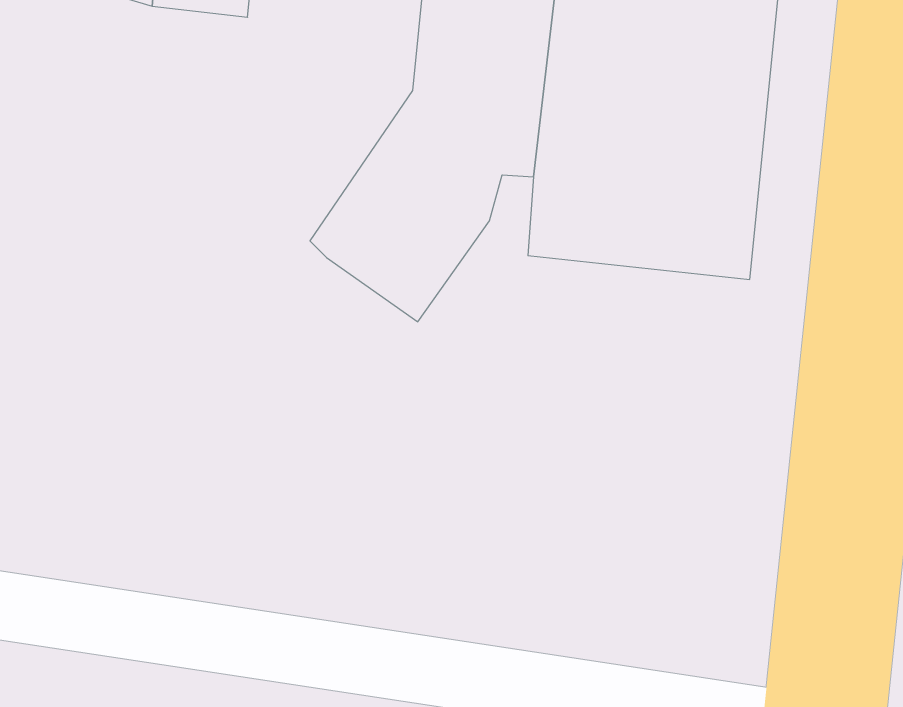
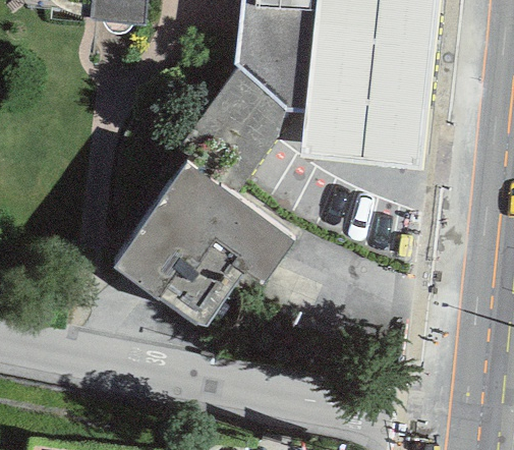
building: none -> [113,156,296,325]

